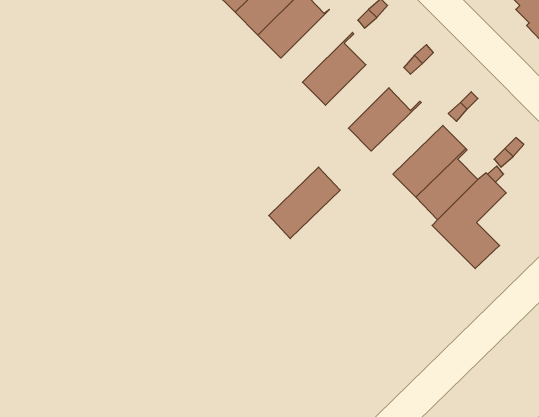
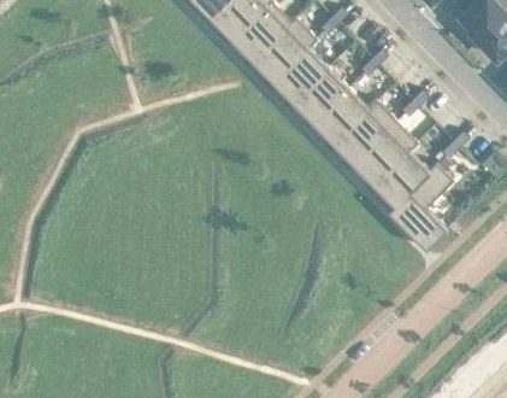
building: none -> [252,18,316,83]
building: none -> [291,68,348,124]
building: [269,167,340,239] -> [332,101,396,165]

